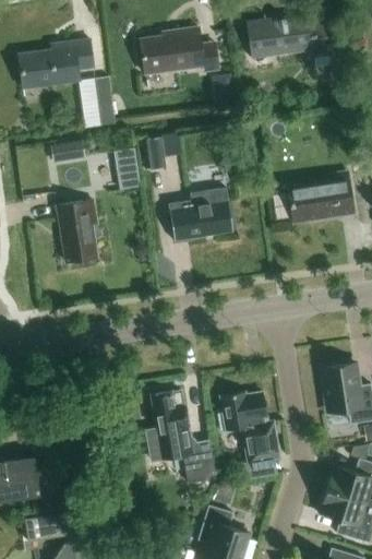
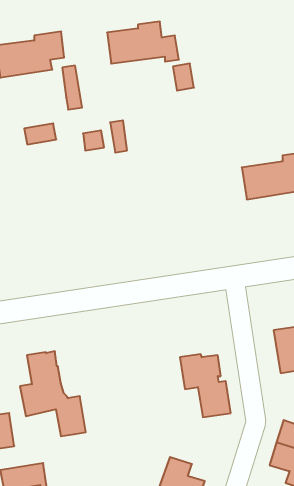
building: [248,16,331,58] -> none
building: [169,189,233,241] -> none
building: [58,201,97,263] -> none
building: [143,390,215,483] -> [20,351,86,436]

